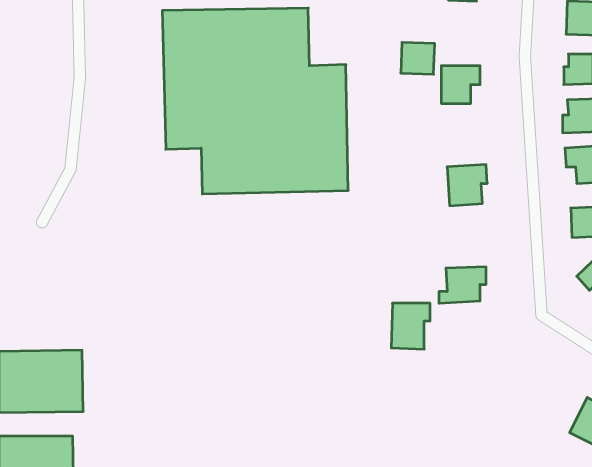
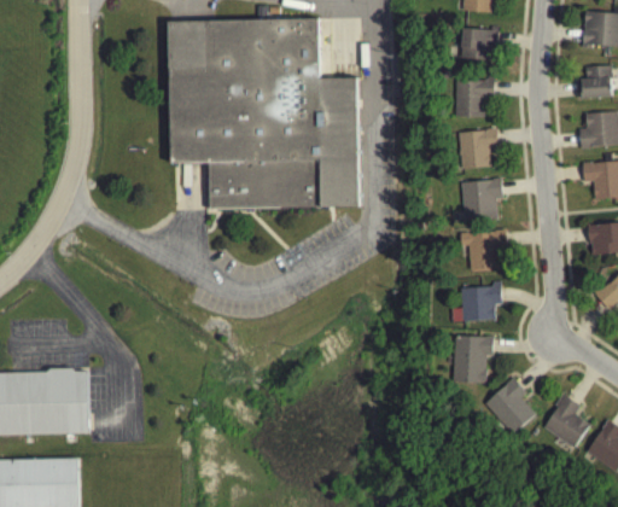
building: [401,42,435,74] -> [461,28,496,60]
building: none -> [459,130,497,169]
building: none -> [467,229,507,272]
building: [391,303,430,349] -> [453,337,492,384]
building: none -> [485,378,536,435]
building: none -> [542,395,590,449]

